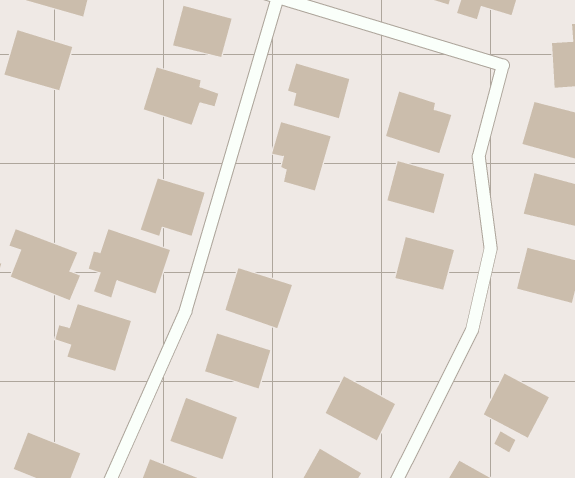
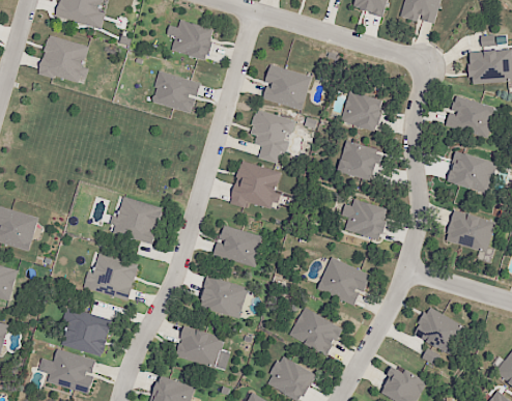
building: [140,178,205,237] -> [229,161,280,206]
building: [8,229,81,301] -> [59,305,115,361]
building: none -> [316,257,366,300]

